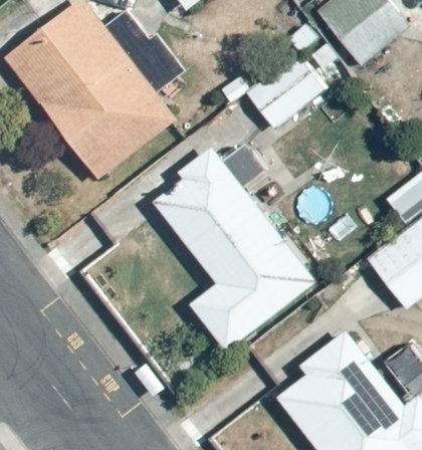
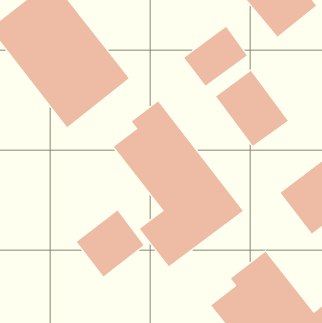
building: none -> [215,70,289,147]
building: none -> [76,209,145,278]

